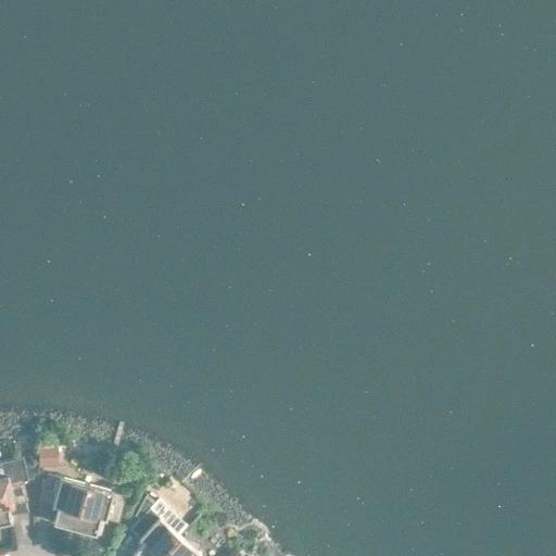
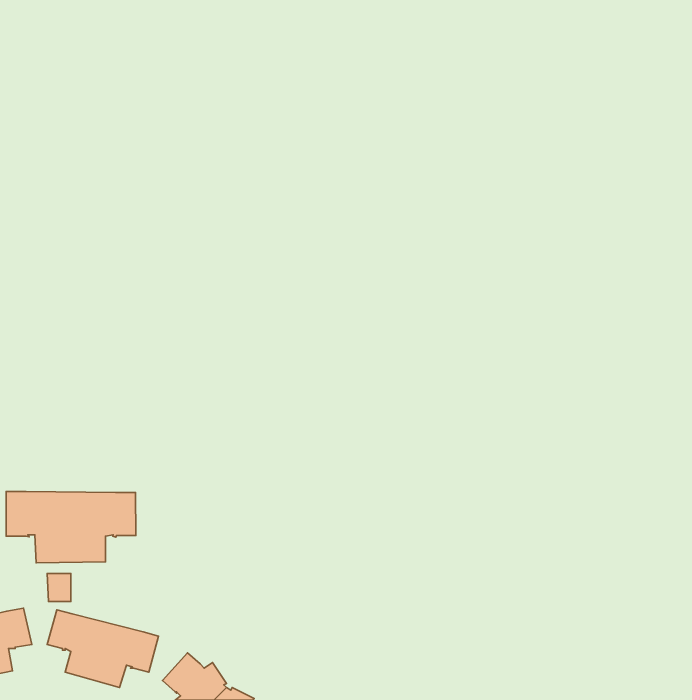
building: none -> [6,491,136,563]

